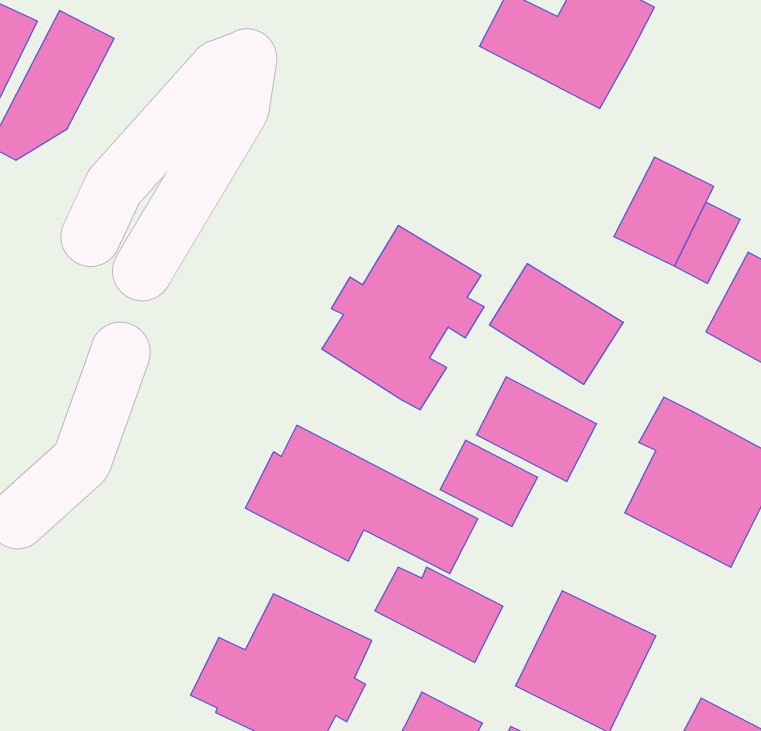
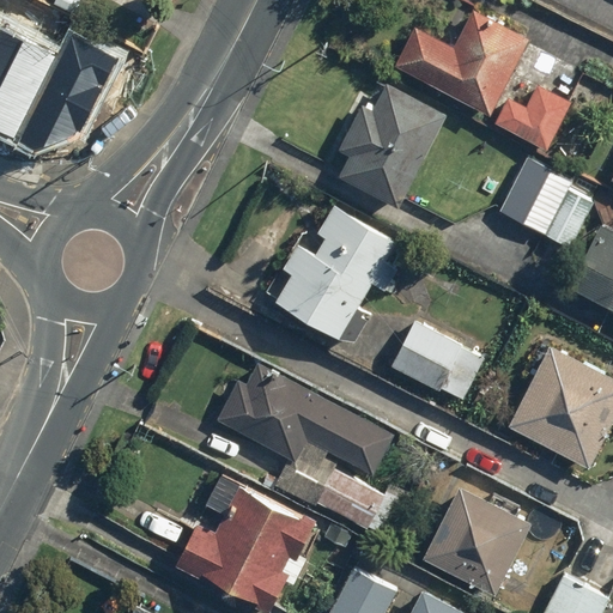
building: none -> [335,83,445,210]
building: none -> [496,84,573,152]
building: [489,264,623,384] -> none
building: [440,440,538,527] -> none

